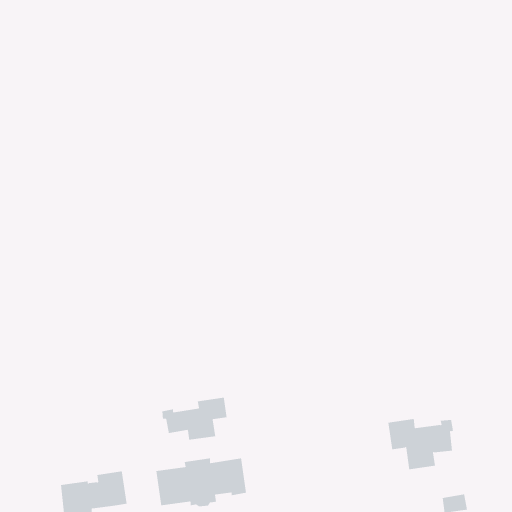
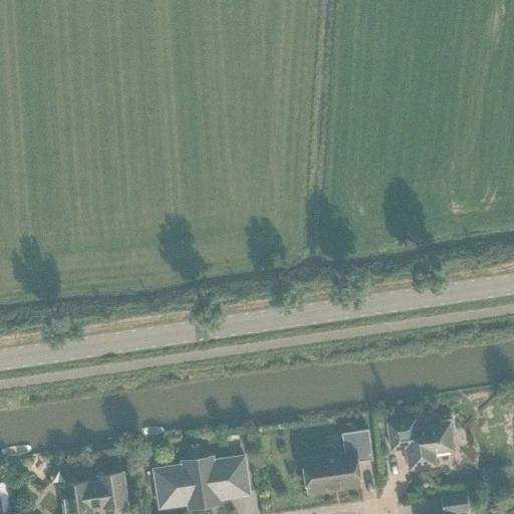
building: [162,397,227,441] -> none
building: none -> [303,431,373,494]

